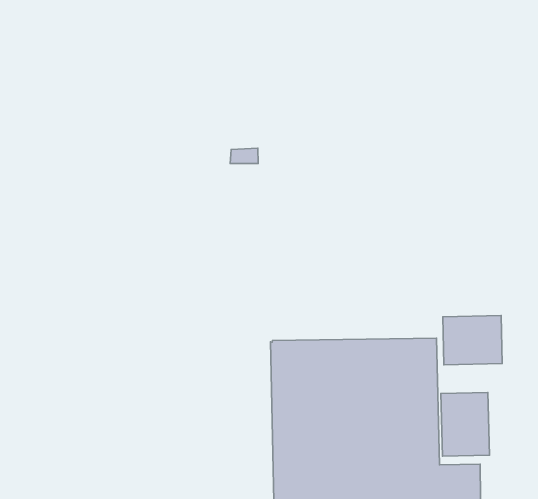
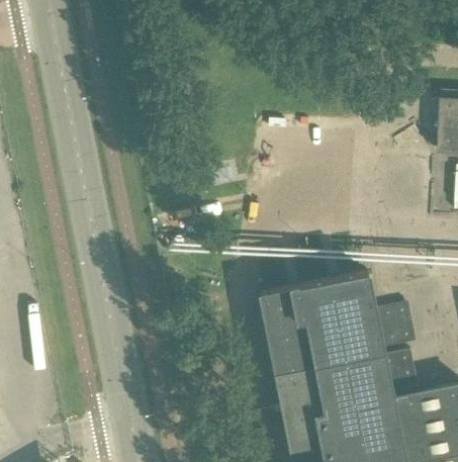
building: [443,316,502,365] -> none

